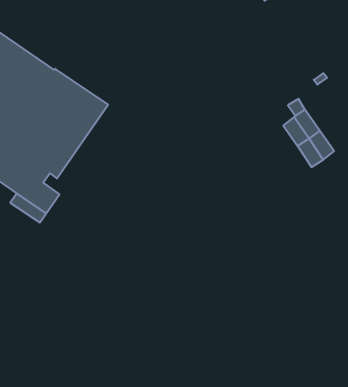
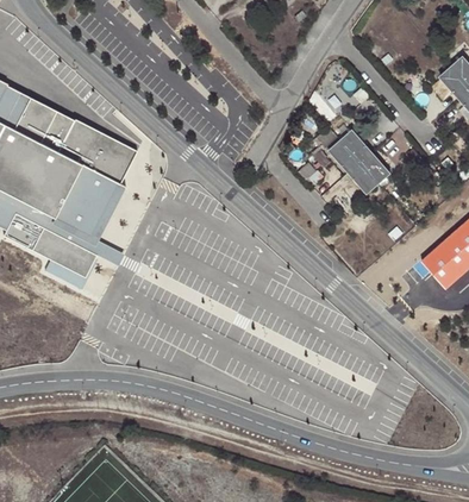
building: none -> [75,183,124,262]

